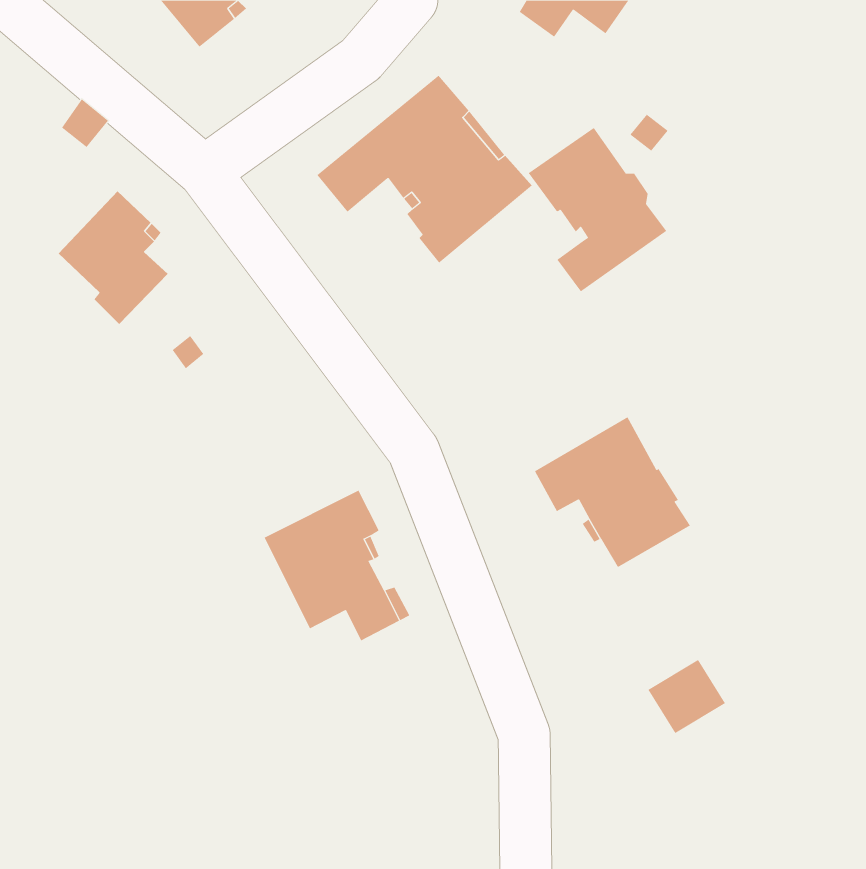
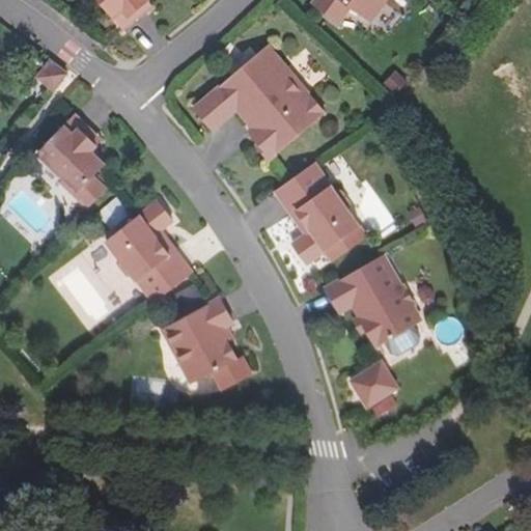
building: [528,127,667,292] -> [274,163,359,263]
building: none -> [105,201,191,303]
building: [647,659,726,734] -> [350,361,397,407]

